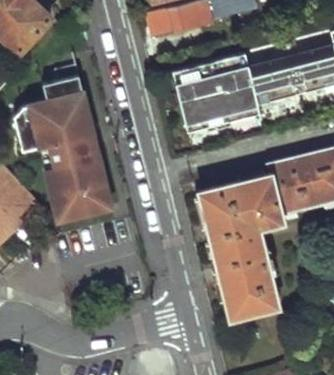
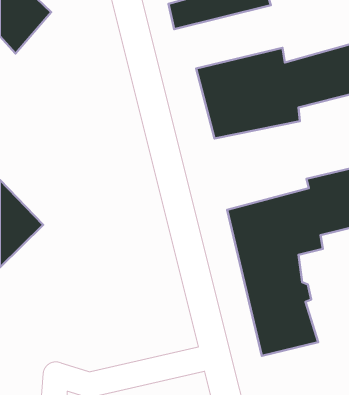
building: [10,65,108,221] -> none

